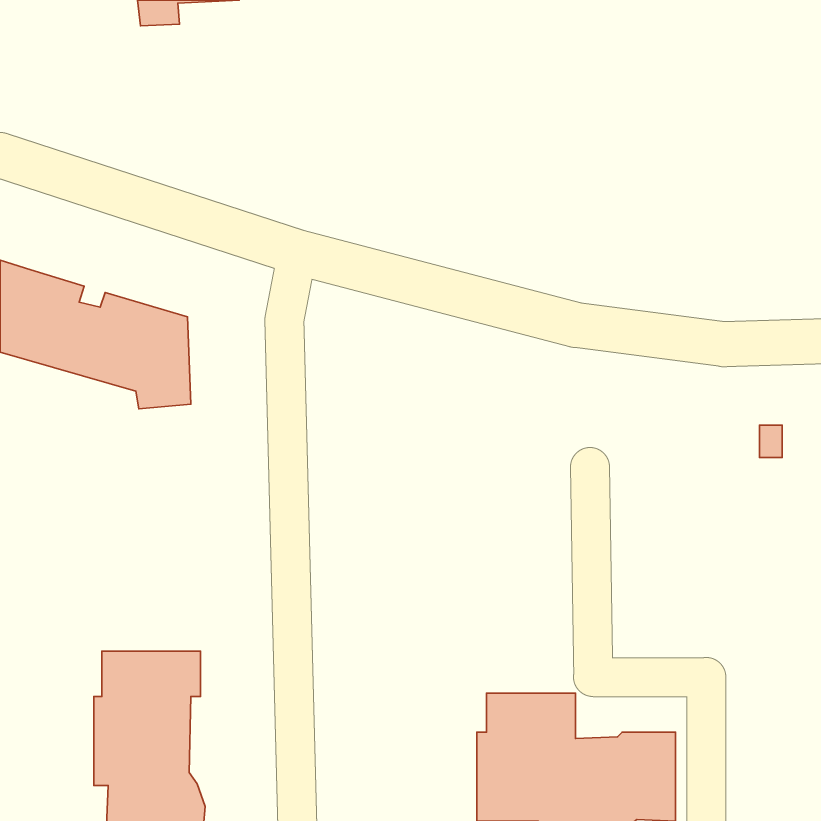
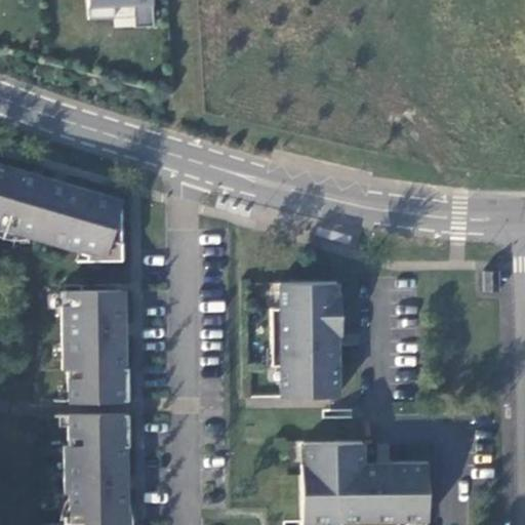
building: none -> [271,283,345,397]
building: none -> [60,295,132,400]

